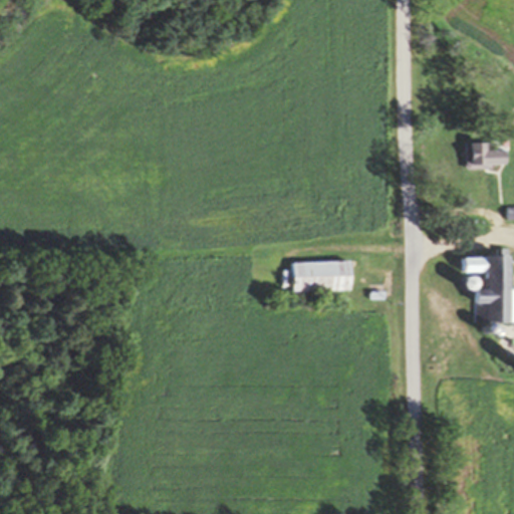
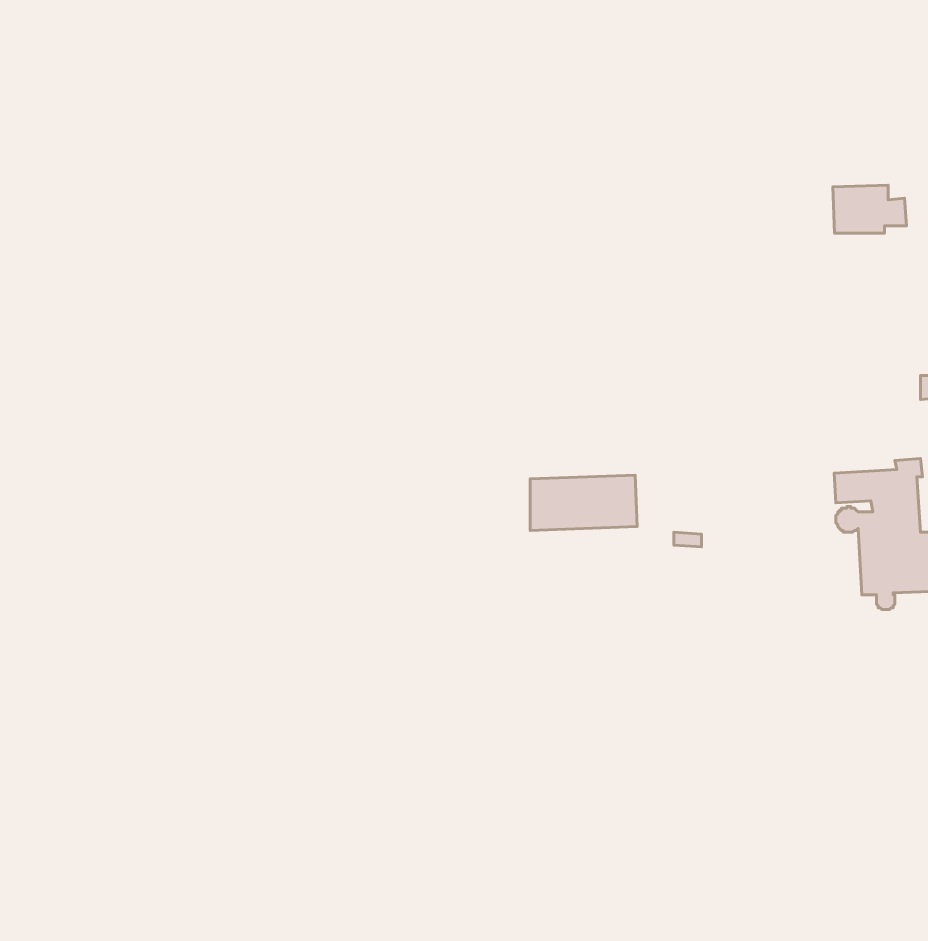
building: [468,141,508,167] -> [833,185,906,233]

